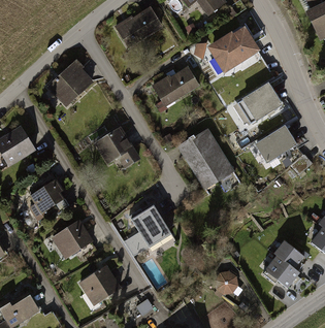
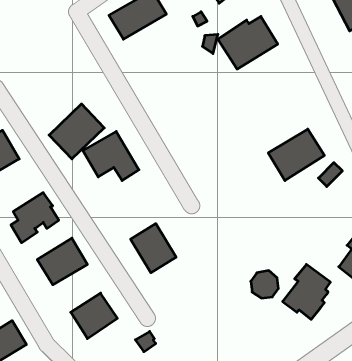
building: [42,61,90,108] -> [49,104,104,159]
building: [148,67,197,108] -> none
building: [233,84,282,128] -> none
building: [177,128,233,189] -> none
building: [212,271,235,295] -> [251,271,278,298]

